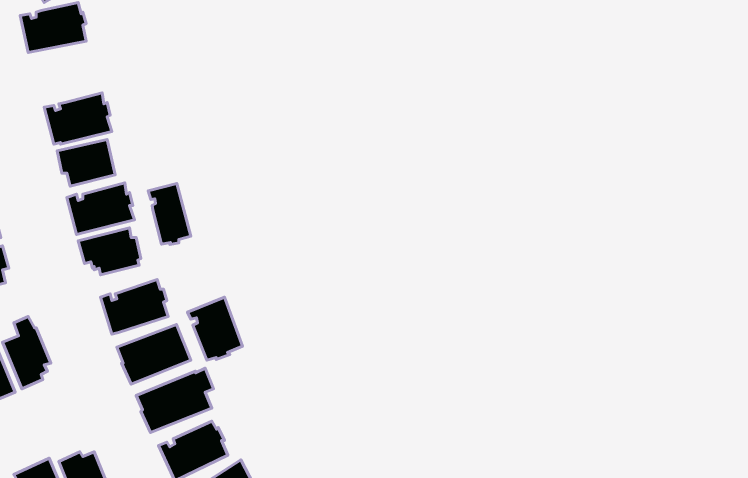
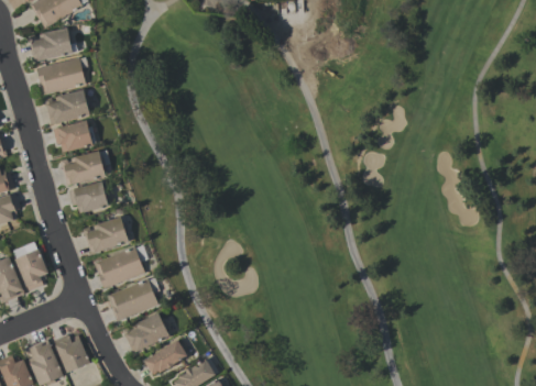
building: none -> [35,57,86,95]
building: [148,184,191,244] -> none
building: [188,297,243,360] -> none

